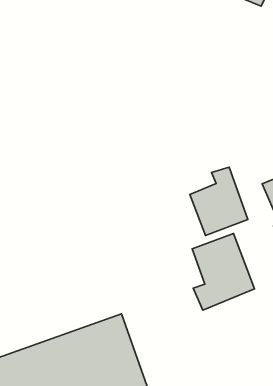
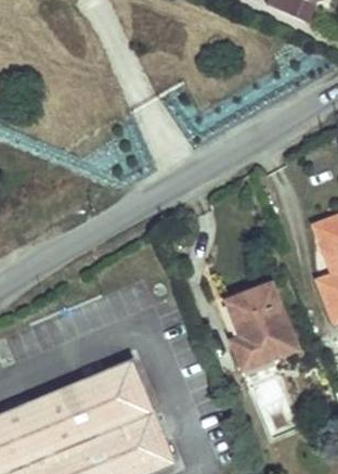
building: [190,167,248,236] -> none

